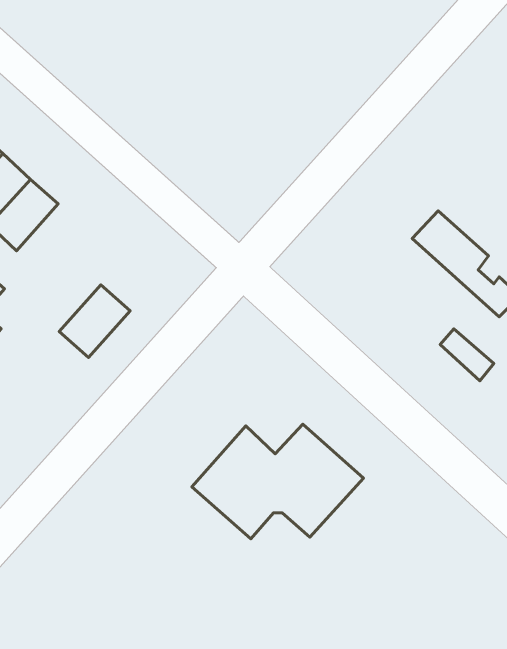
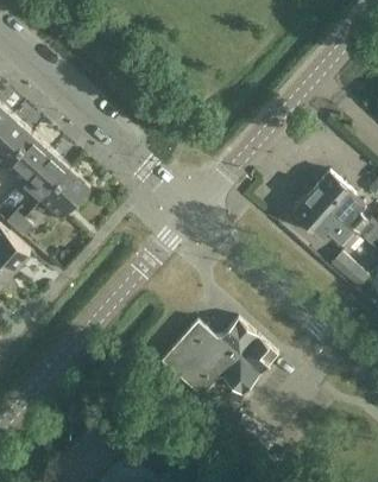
building: none -> [294,192,371,247]
building: [59,285,130,358] -> [40,169,89,218]

